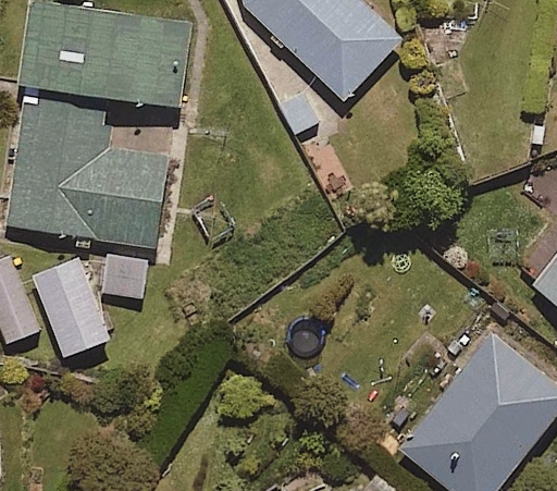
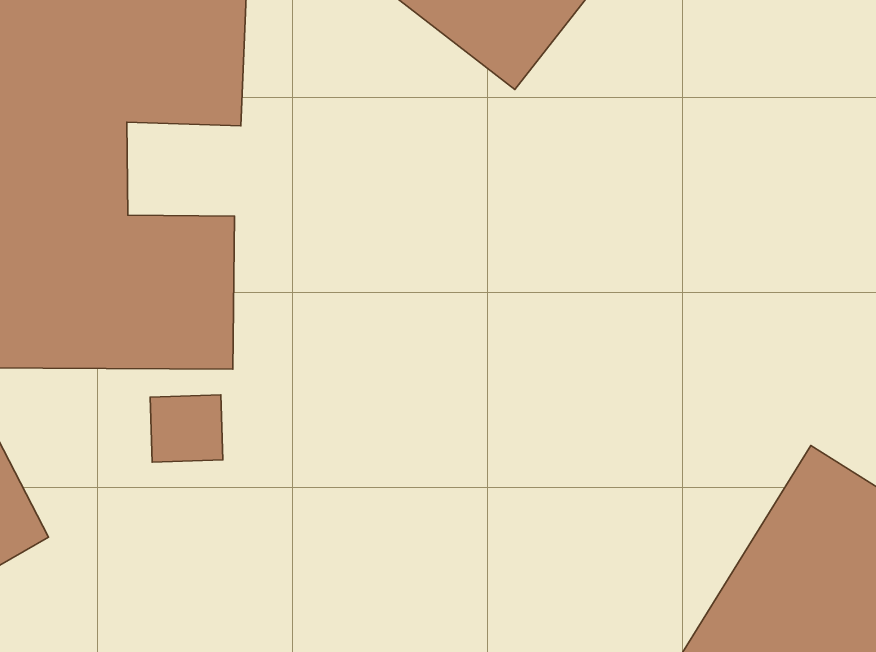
building: [34,258,108,355] -> none

